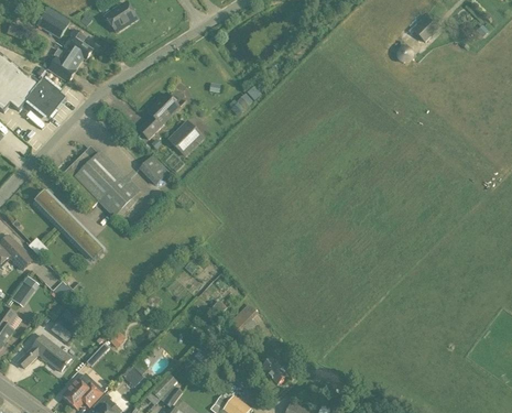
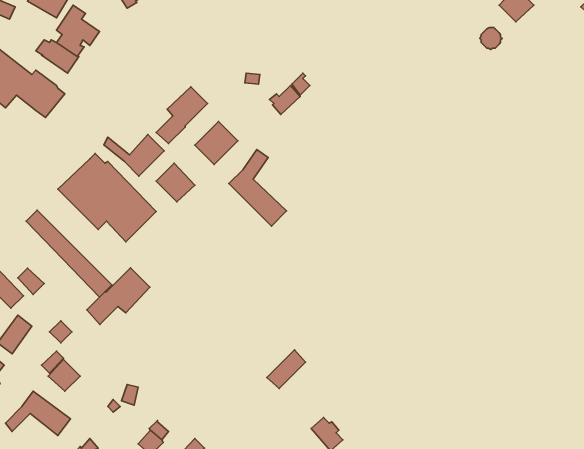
building: none -> [104,134,164,176]
building: none -> [229,150,287,226]
building: none -> [87,268,150,324]

